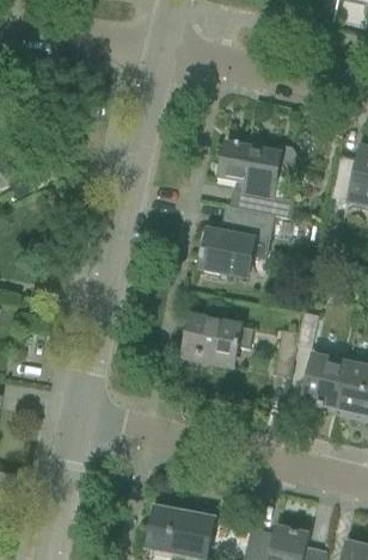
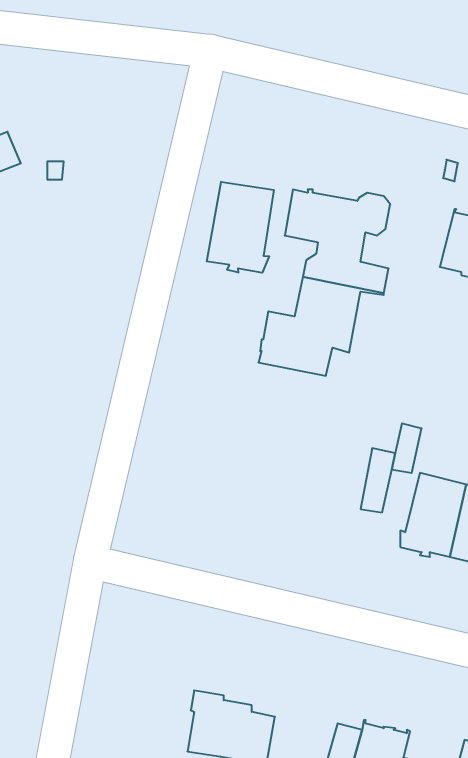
building: none -> [207,182,274,273]
building: [184,316,254,365] -> none

